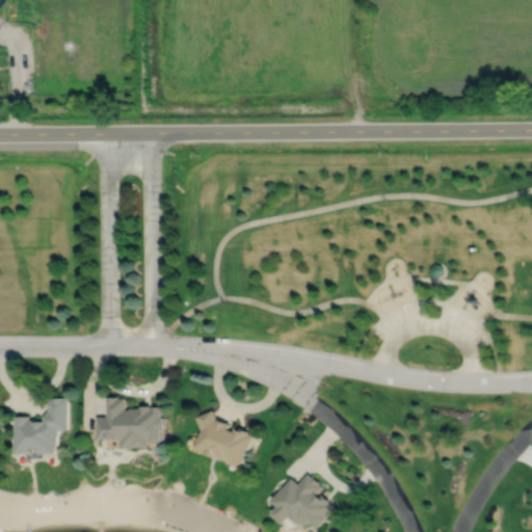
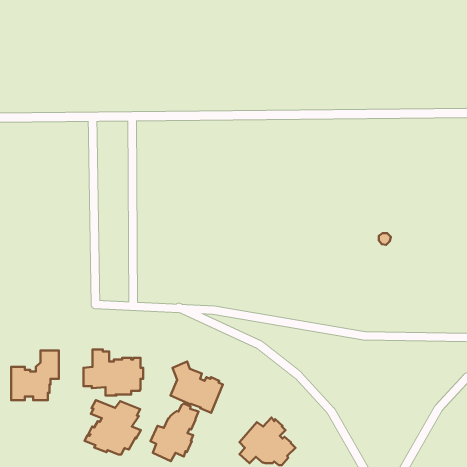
building: none -> [84,400,141,454]
building: none -> [151,403,198,461]

